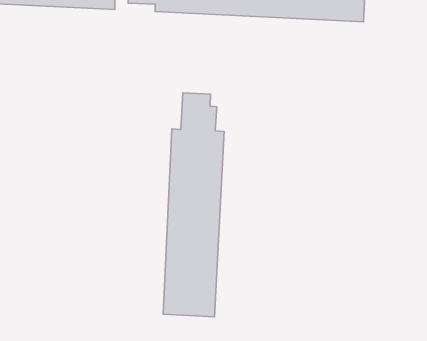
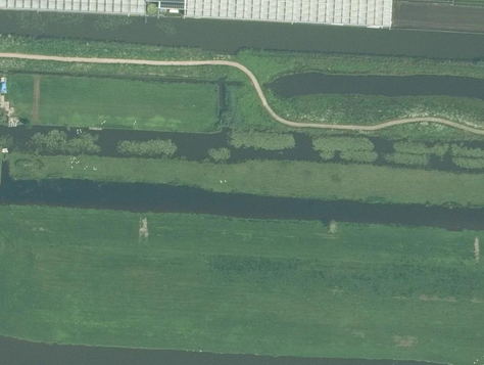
building: [163,93,224,317] -> none

